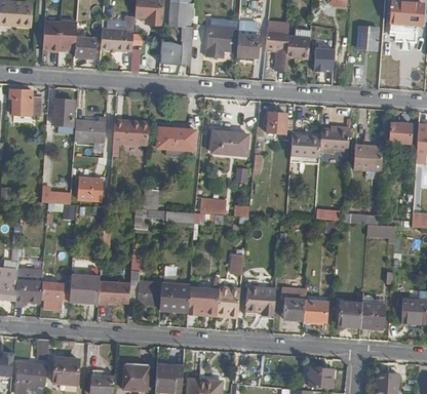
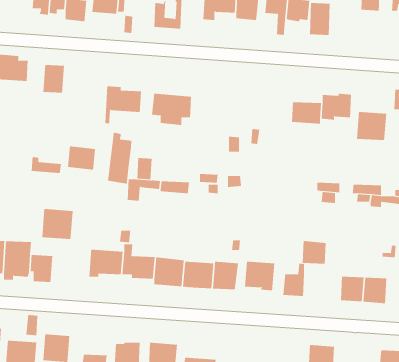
building: [268,113,294,134] -> none
building: [74,120,105,144] -> none
building: [211,130,248,154] -> none
building: none -> [107,132,132,185]
building: [68,273,99,303] -> [41,209,73,240]
building: [304,300,327,322] -> [302,241,326,264]

